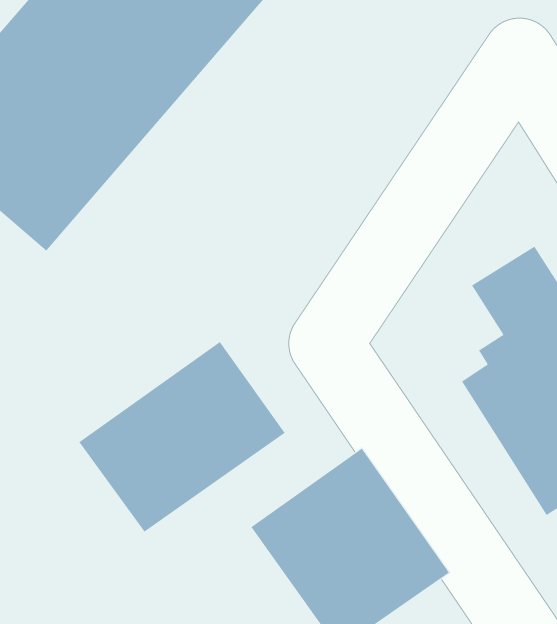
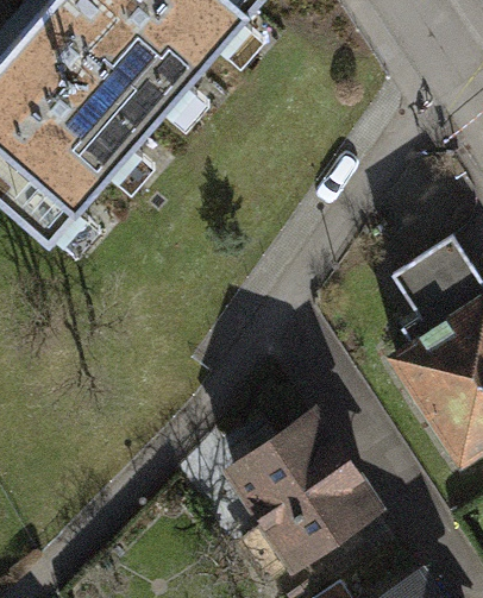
building: [78,341,285,533] -> none

